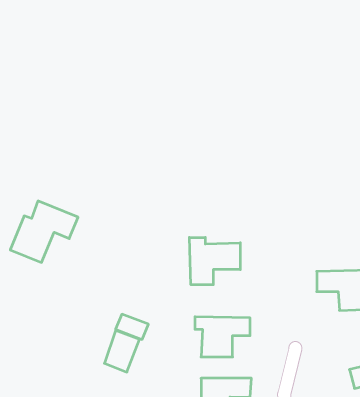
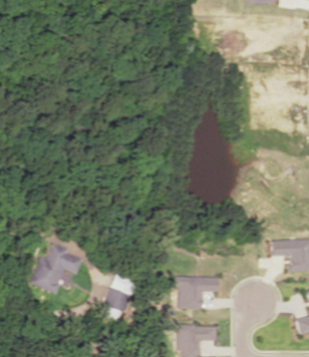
building: [10,201,78,262] -> [29,244,83,293]
building: [189,237,240,285] -> none

